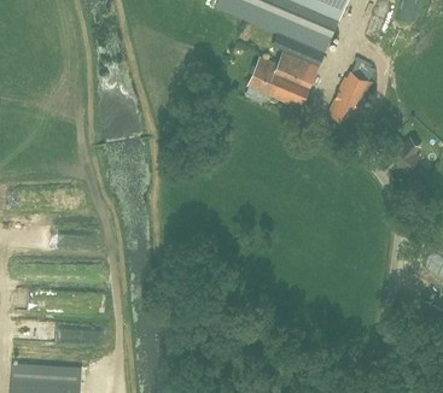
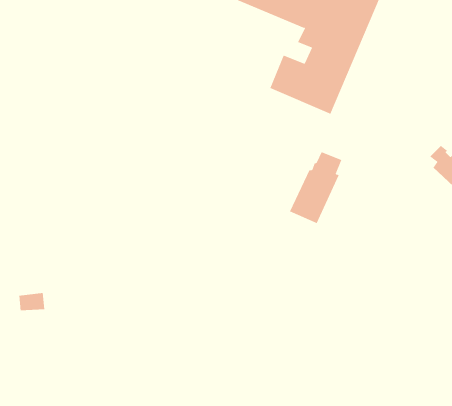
building: [328,60,374,123] -> [289,152,342,224]

